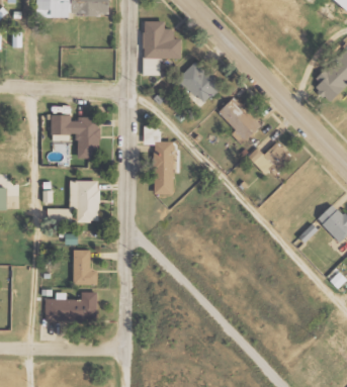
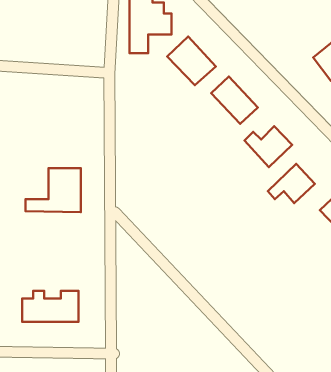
building: [52,114,100,158] -> none
building: [154,140,174,193] -> none
building: none -> [268,164,315,203]
building: [73,250,97,284] -> none

